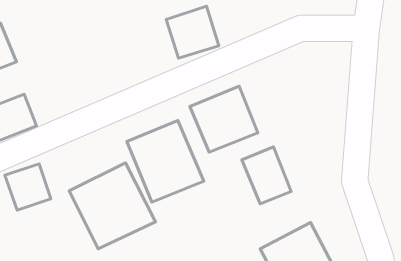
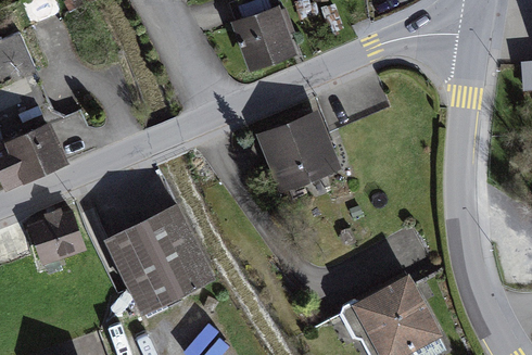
building: [127,120,204,202] -> none
building: [242,147,291,204] -> none

